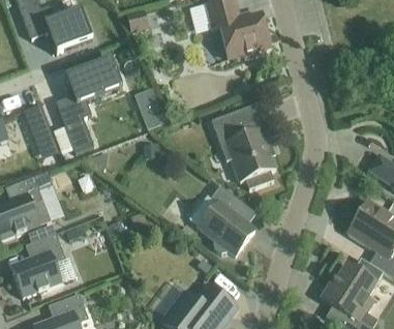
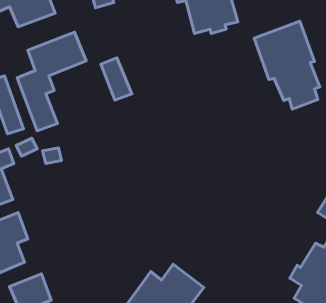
building: [211,103,275,189] -> [254,21,320,109]
building: [199,185,254,255] -> none

